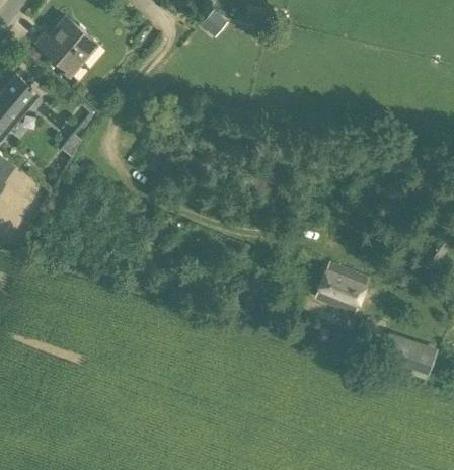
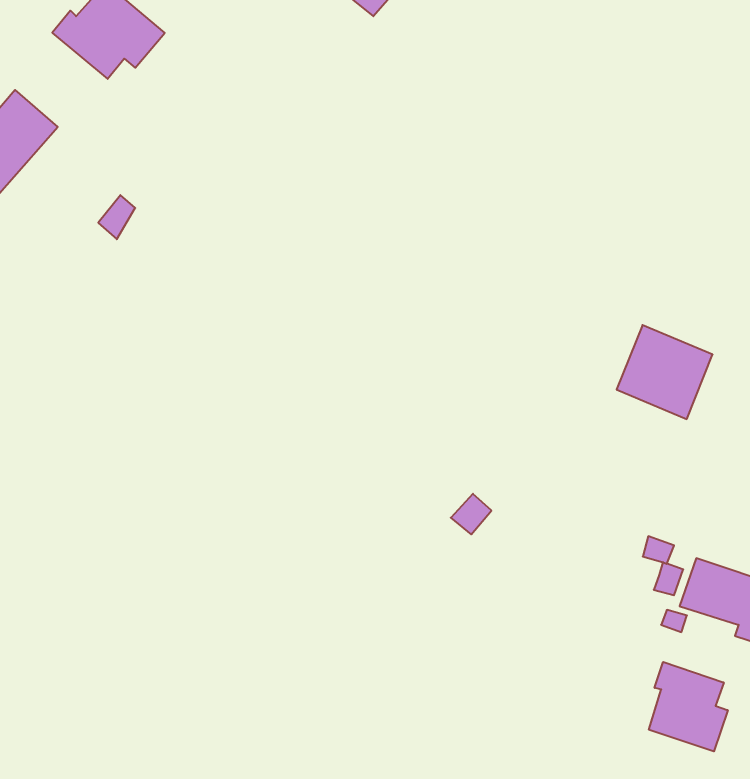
building: [315,262,368,314] -> [617,325,713,419]
building: none -> [649,662,728,751]

